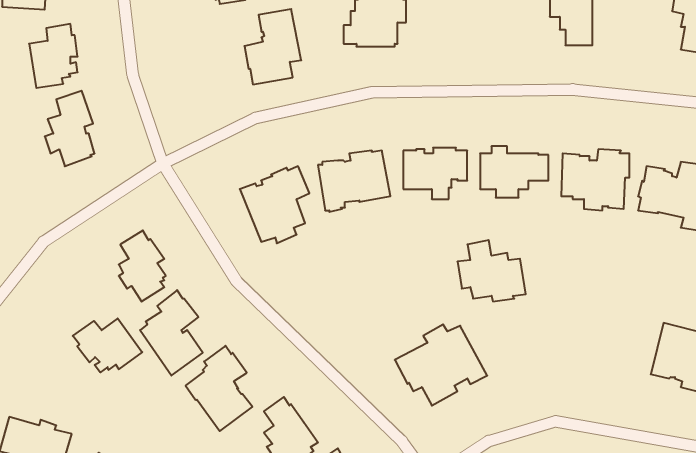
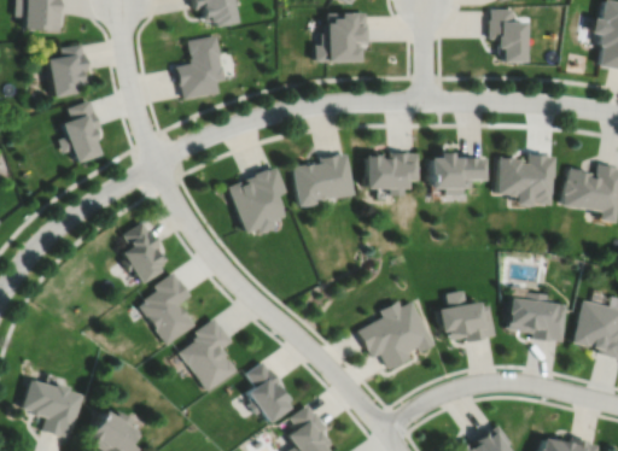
building: [244,9,301,84] -> [176,37,225,101]
building: [457,240,526,301] -> [438,289,496,341]
building: none -> [509,292,569,341]
building: [73,318,142,372] -> none

